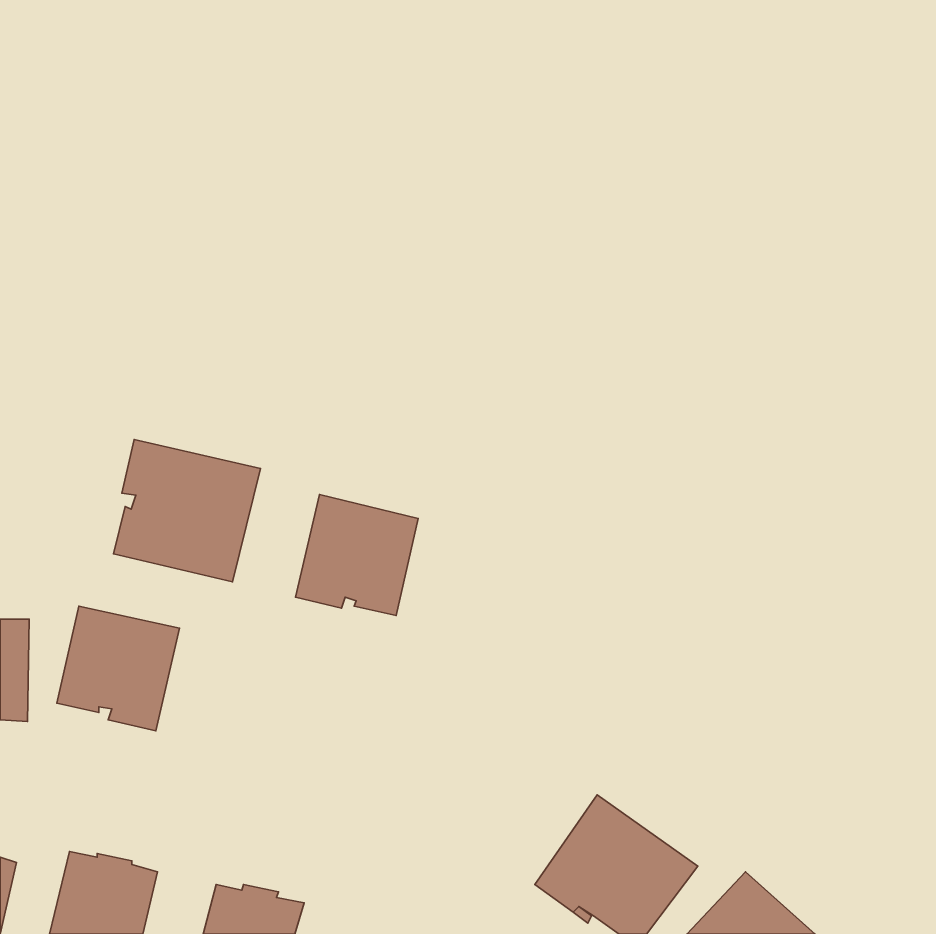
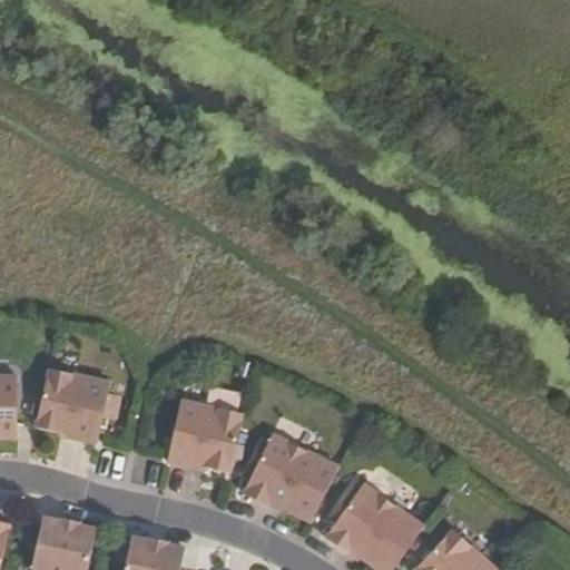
building: [114,439,260,582] -> none
building: [296,495,418,615] -> [168,399,243,472]
building: none -> [243,433,338,522]

